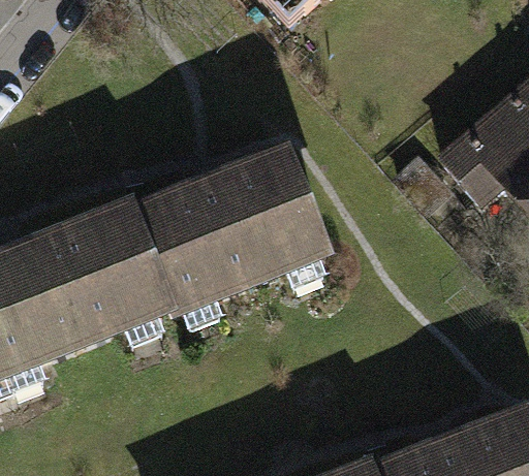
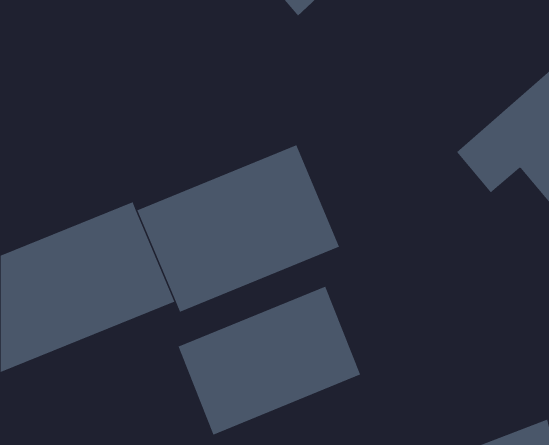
building: none -> [178,286,361,435]

